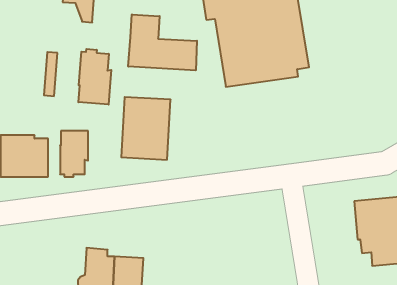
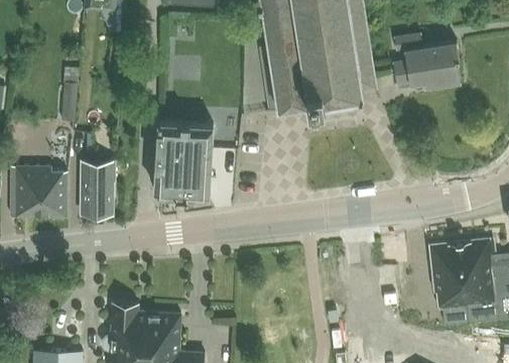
building: [128,14,197,70] -> none
building: none -> [395,35,462,89]
building: [78,49,111,105] -> none

